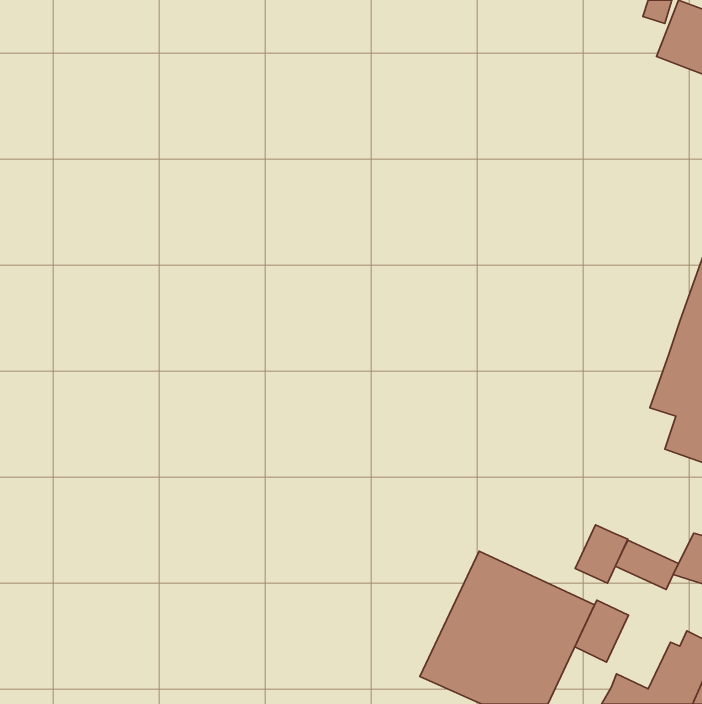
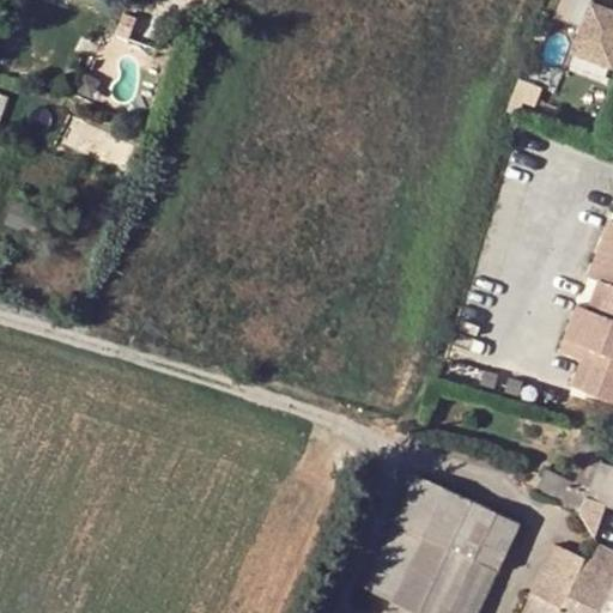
building: [575,525,628,583] -> none
building: [575,600,629,662] -> [538,545,584,599]

